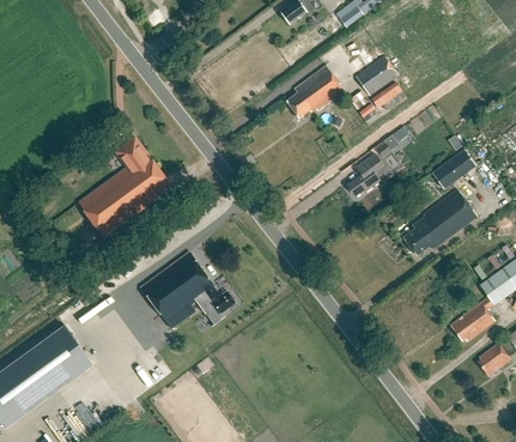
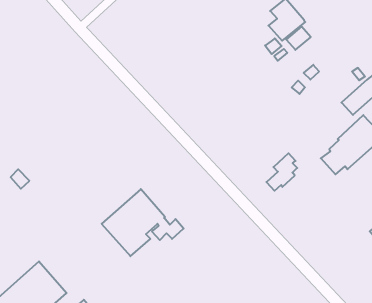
building: [287,66,345,117] -> none
building: [79,138,171,236] -> none
building: [347,153,384,195] -> [266,153,297,191]

